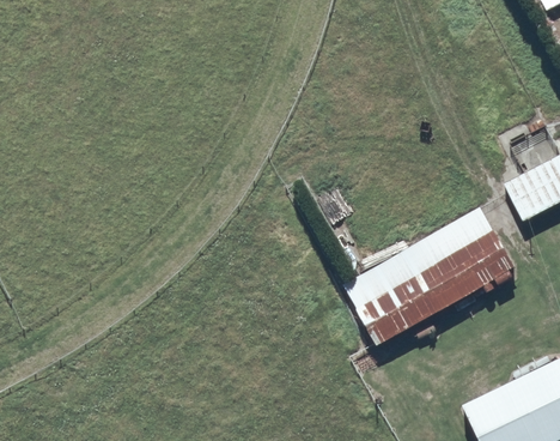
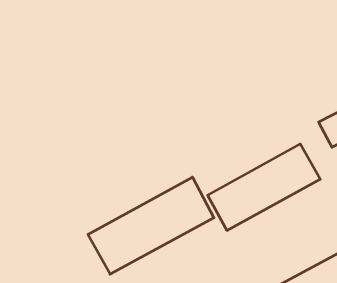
building: none -> [88,177,214,274]

